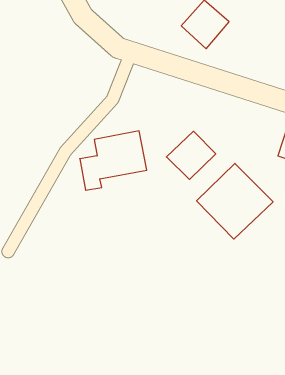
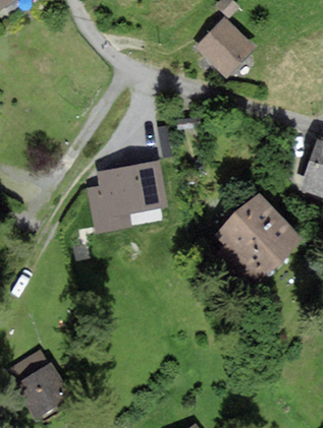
building: [166,131,216,179] -> none
building: none -> [19,363,68,412]

